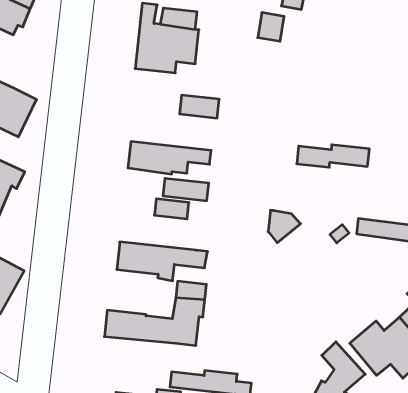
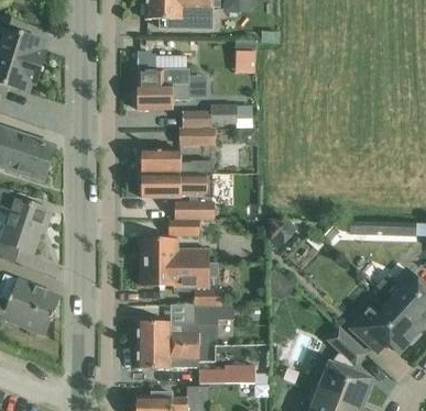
building: none -> [141,151,211,175]
building: [297,145,369,167] -> [182,108,243,127]
building: none -> [141,241,208,263]
building: none -> [136,345,199,370]

